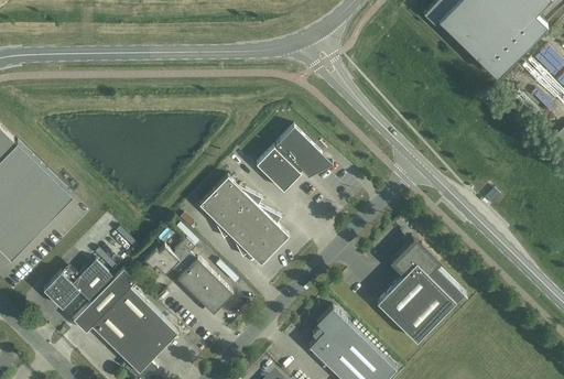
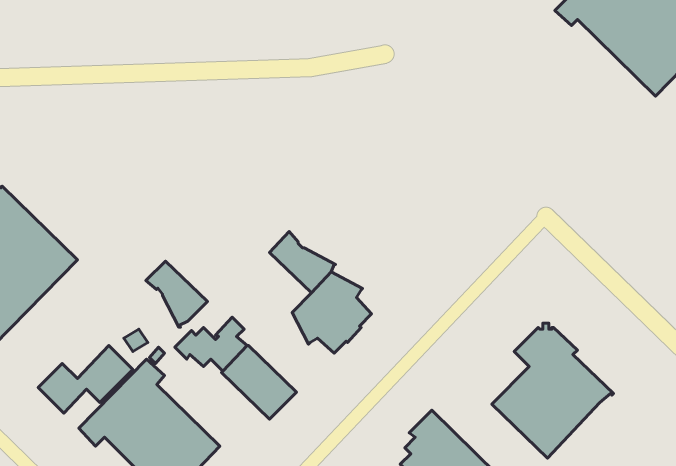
building: [256,124,332,190] -> none
building: [198,190,243,238] -> [146,261,208,327]

